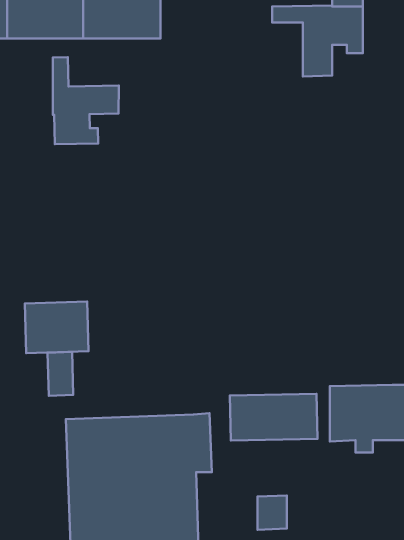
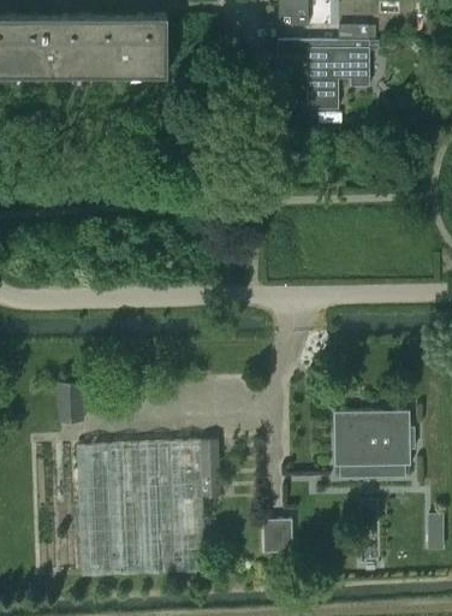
building: [53,57,119,144] -> none
building: [25,302,89,353] -> none
building: [230,394,317,440] -> none

